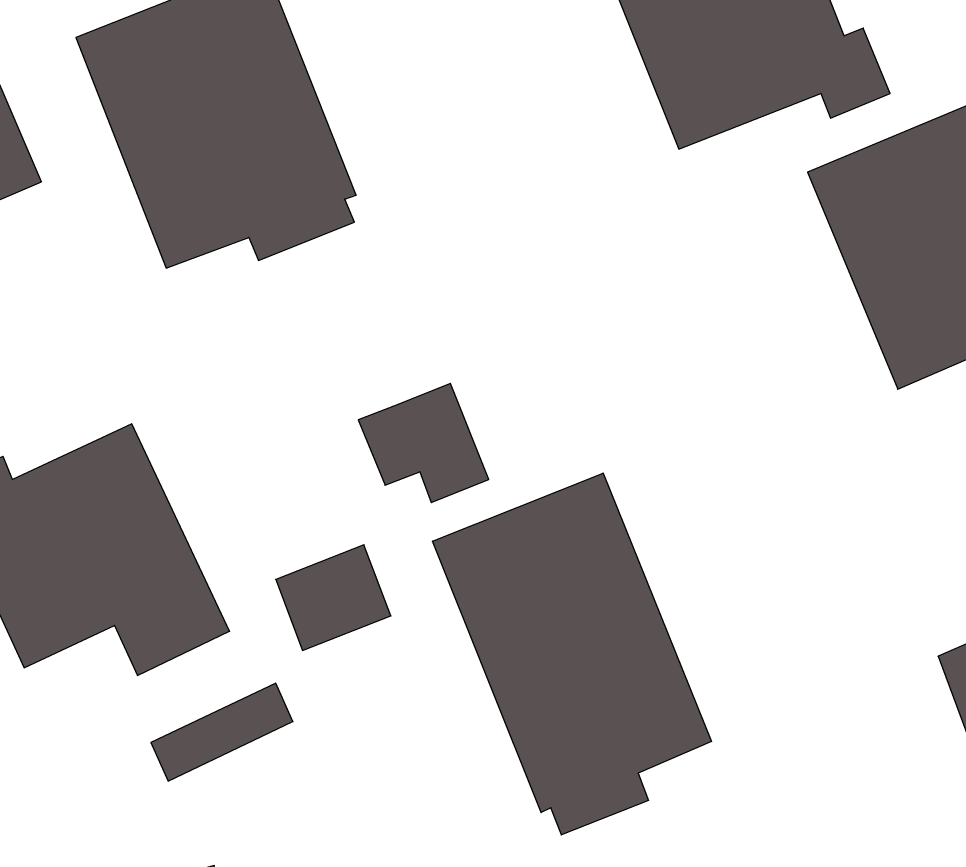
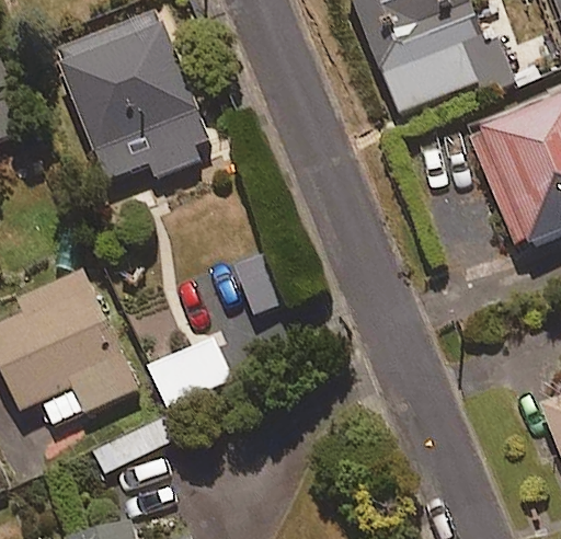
building: [433,473,711,835] -> none

